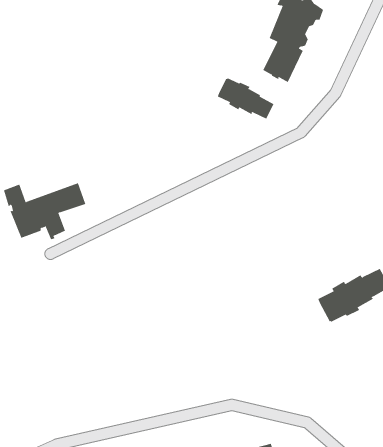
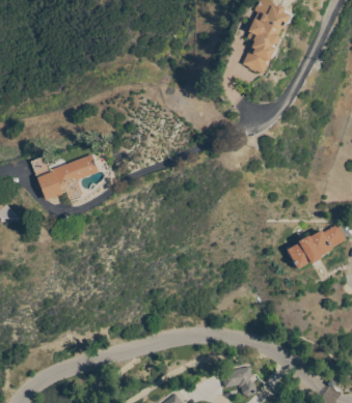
building: [217,77,274,119] -> none

